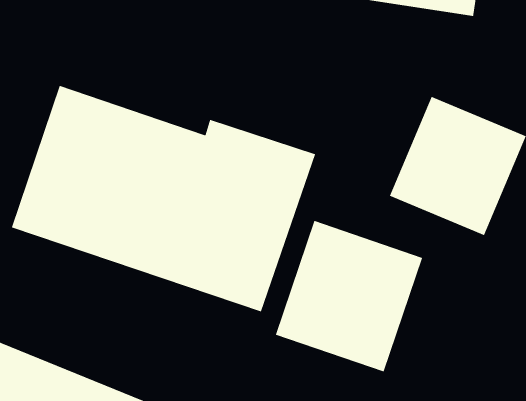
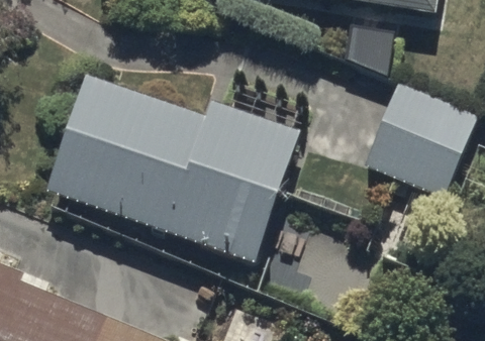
building: [275,220,423,373] -> none

